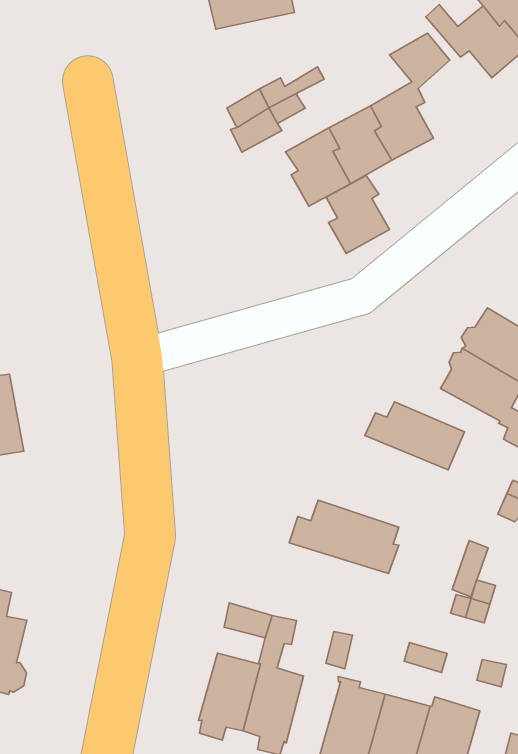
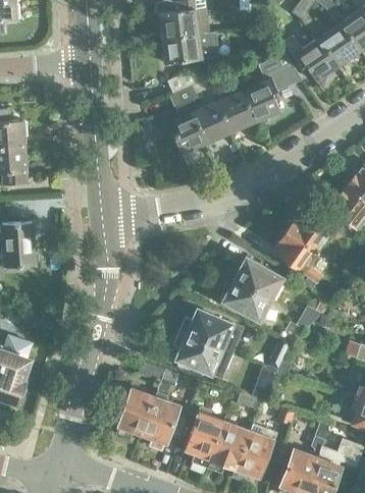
building: none -> [164,35,212,73]
building: [326,175,389,254] -> [173,112,207,155]
building: none -> [219,275,271,322]
building: none -> [172,331,232,379]

